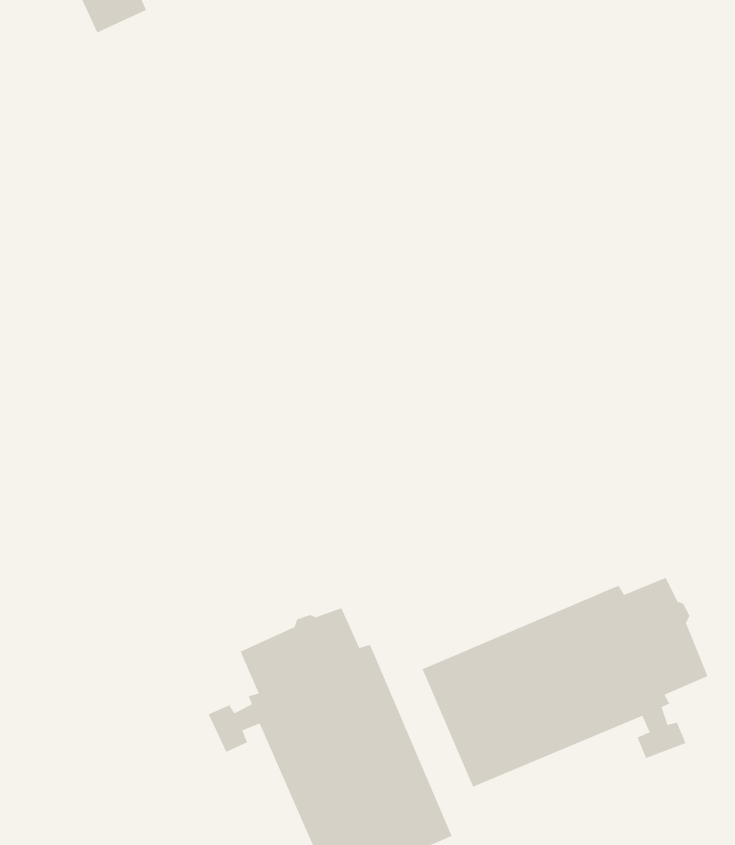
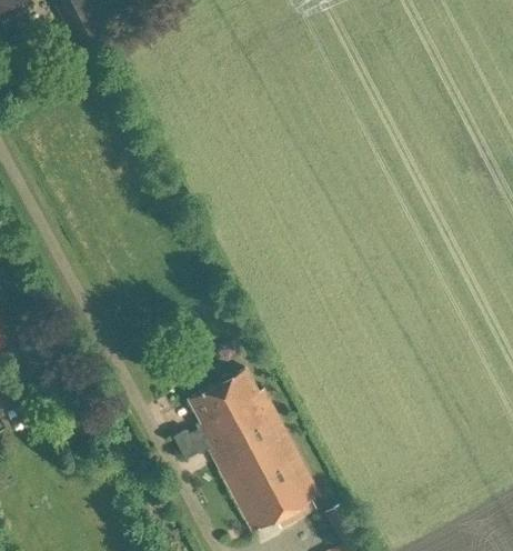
building: [422,577,708,787] -> none

